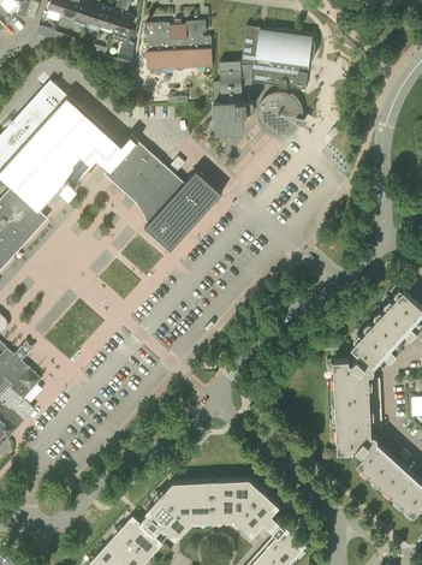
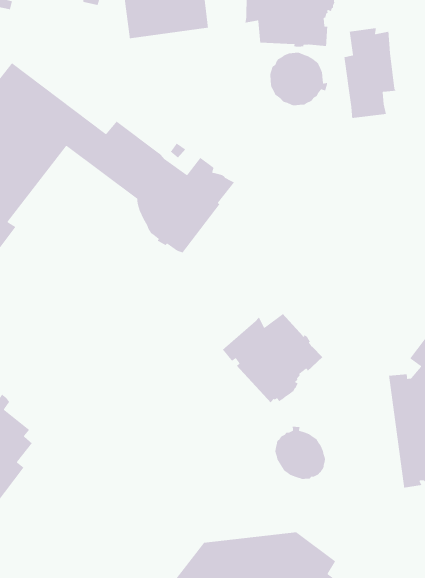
building: [213,61,254,133] -> [343,27,397,119]
building: none -> [222,313,323,404]
building: none -> [274,426,326,480]

